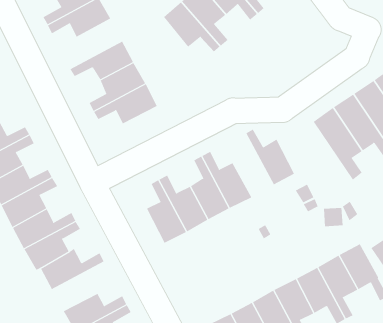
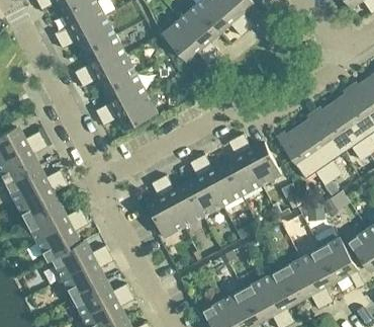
building: none -> [73,33,124,79]
building: none -> [277,127,331,184]
building: none -> [223,137,260,194]
building: none -> [61,252,112,297]

